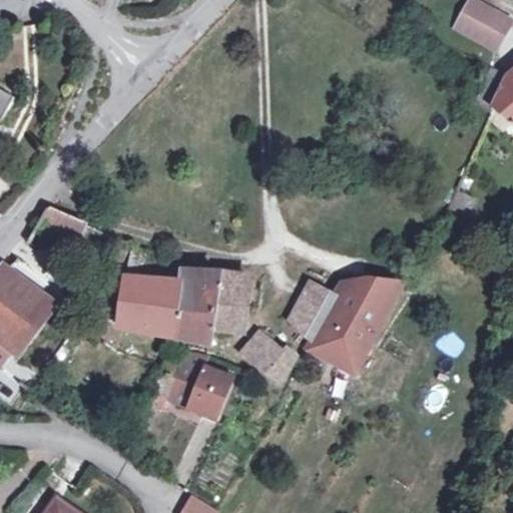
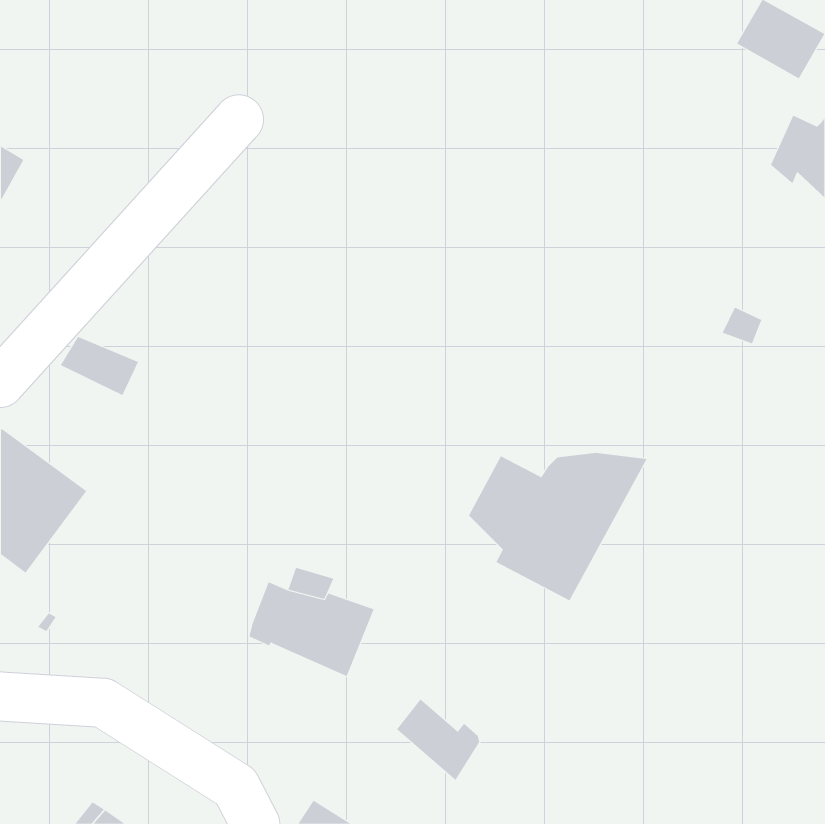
building: [119,244,245,345] -> none
building: [243,334,296,385] -> [396,699,480,781]

